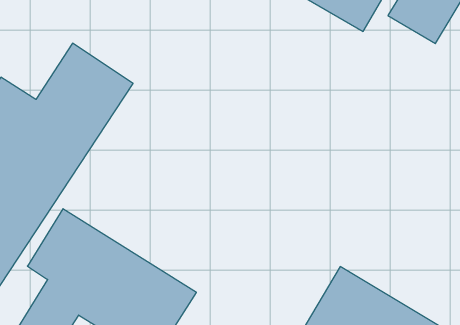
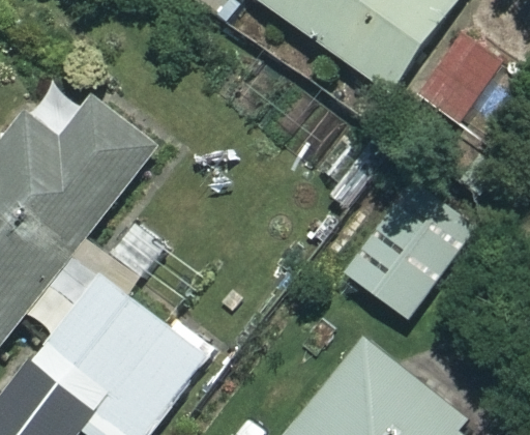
building: none -> [342,178,475,319]

